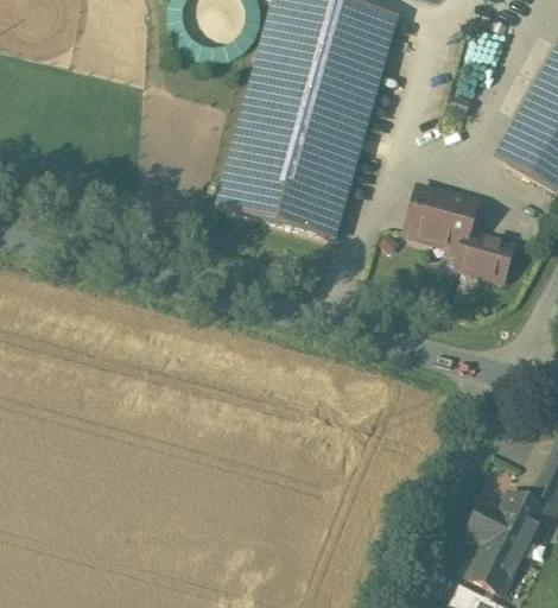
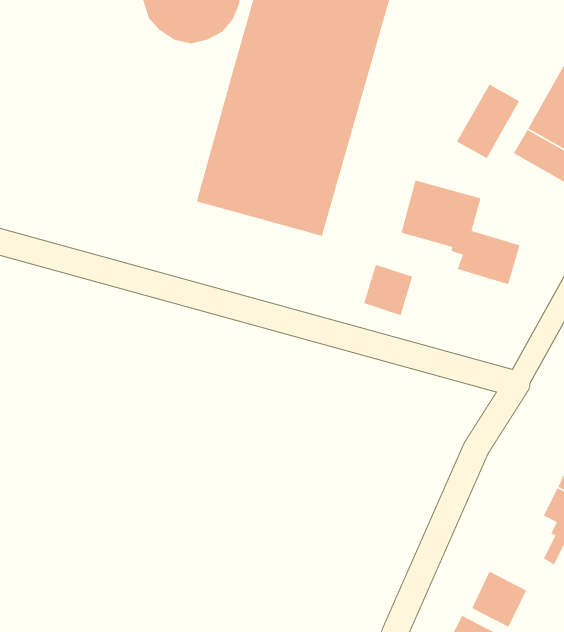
building: none -> [456,84,520,159]
building: none -> [363,264,413,316]
building: [465,490,543,558] -> none

